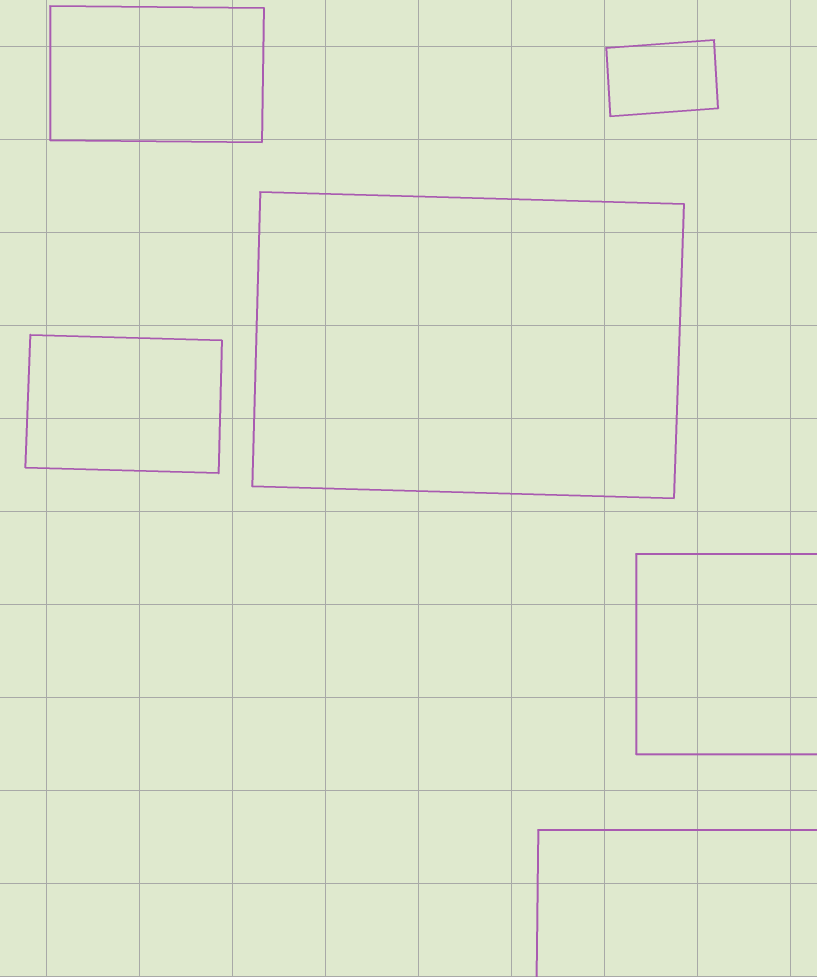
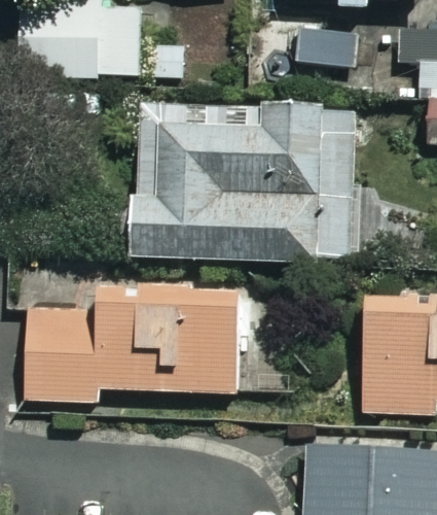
building: [26,335,222,473] -> none
building: none -> [73,293,222,400]

